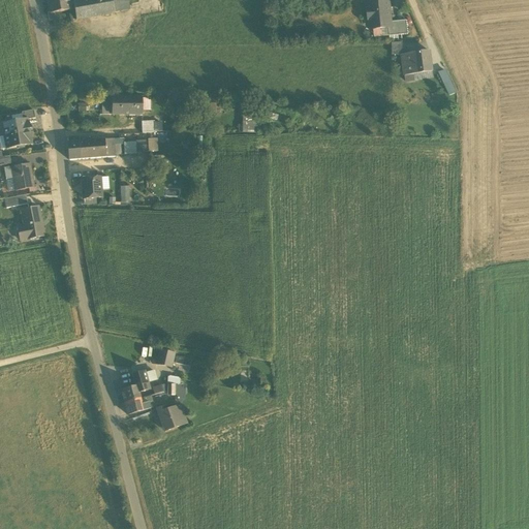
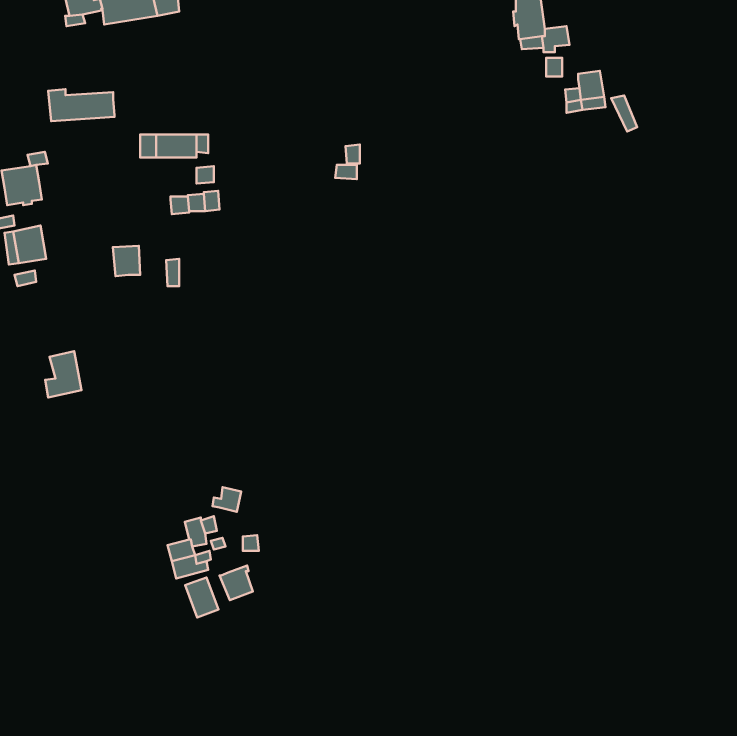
building: [66,135,114,158] -> [48,89,115,121]
building: [17,205,42,238] -> [45,351,81,397]
building: none -> [185,577,218,618]

